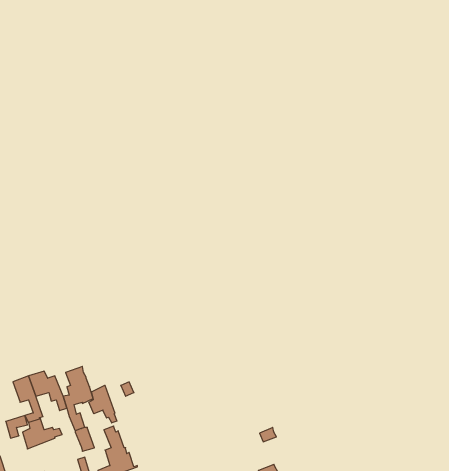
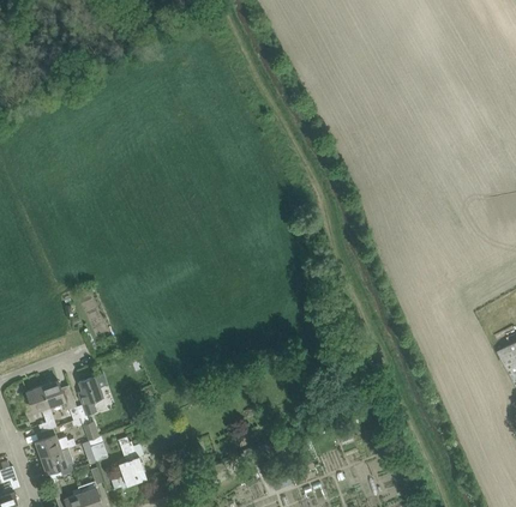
building: [89,385,117,423] -> none
building: none -> [40,447,72,475]

